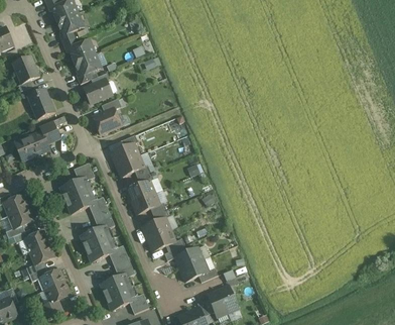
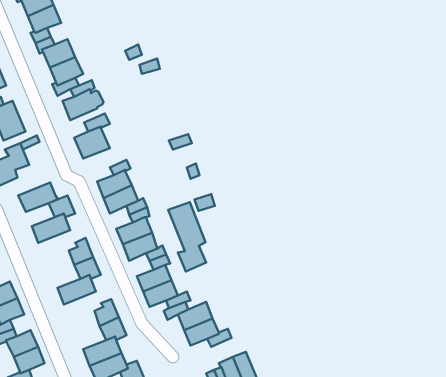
building: none -> [168,202,206,271]
building: [64,191,96,214] -> [18,183,58,212]
building: [85,239,116,262] -> none

